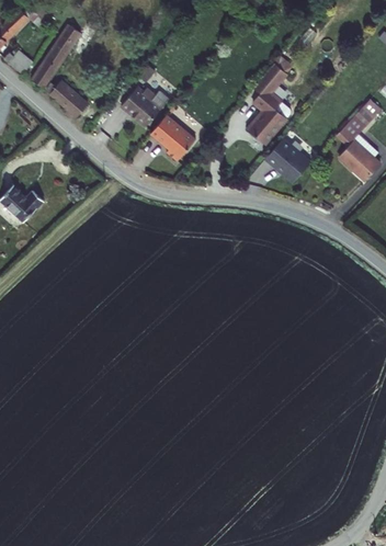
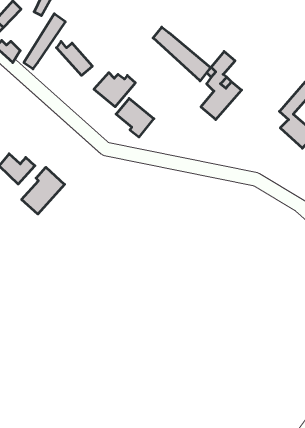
building: none -> [153,27,211,81]
building: [45,77,88,117] -> [56,41,92,75]
building: [262,139,308,184] -> none
building: none -> [22,167,65,214]

